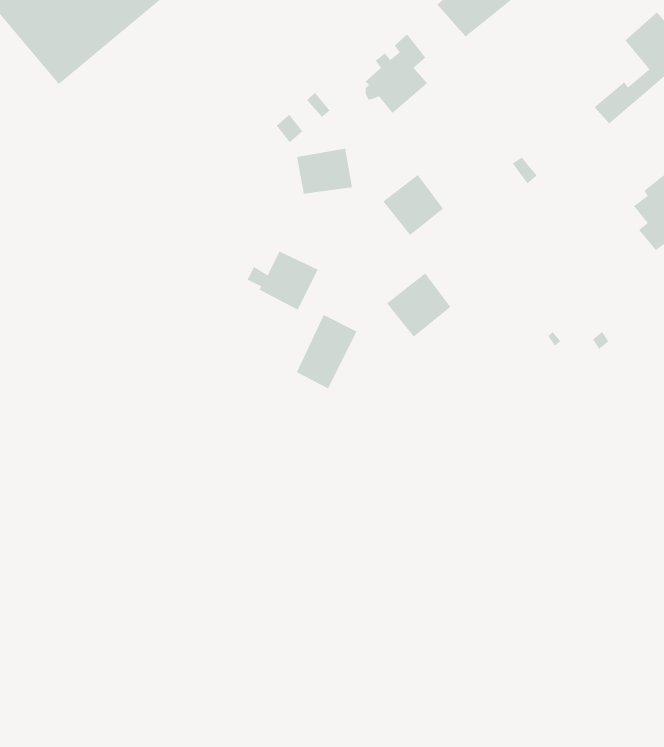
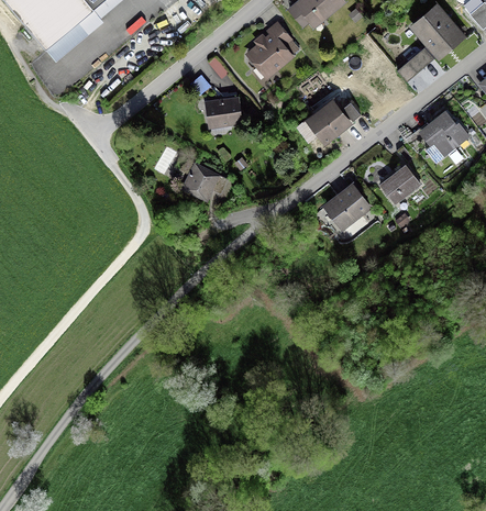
building: [382,174,444,236] -> [308,101,347,141]
building: none -> [379,165,419,198]
building: [386,273,451,338] -> [325,185,367,226]
building: [296,314,357,389] -> none

